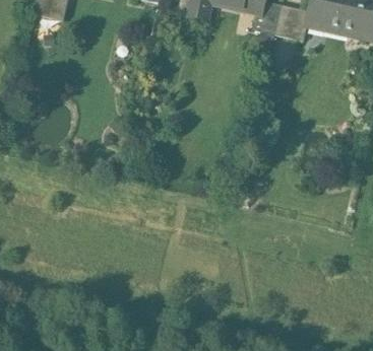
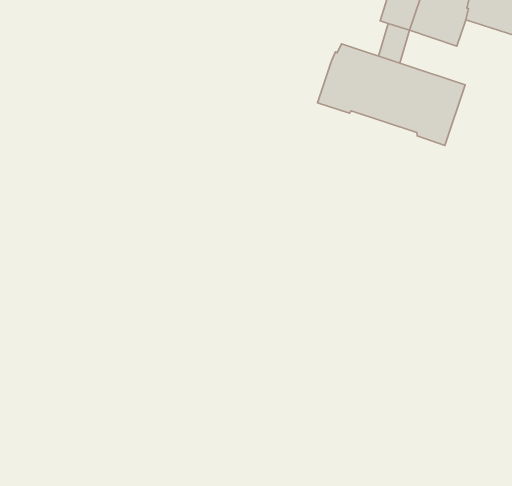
building: none -> [318,44,465,146]

